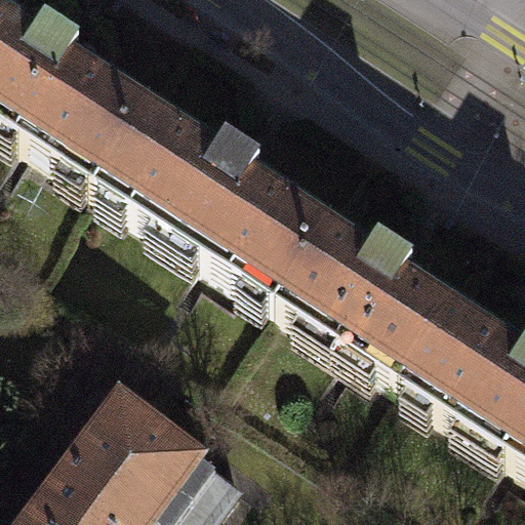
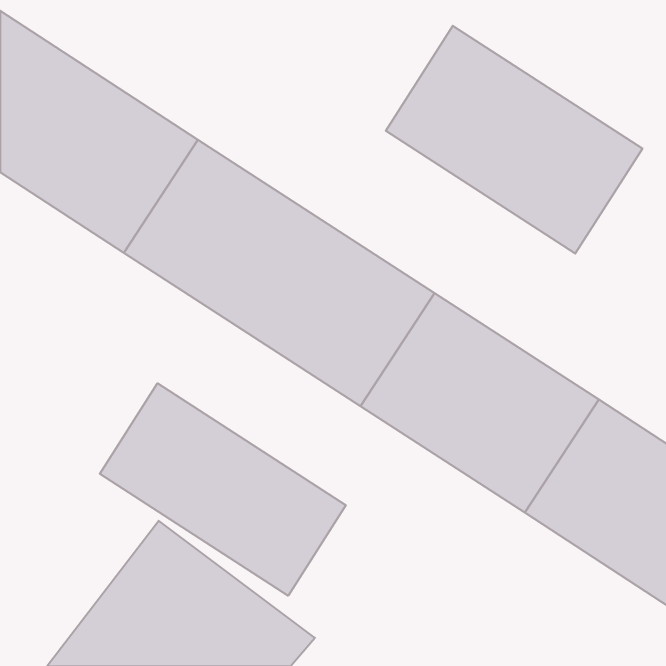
building: none -> [386,26,642,254]
building: none -> [100,383,346,596]

